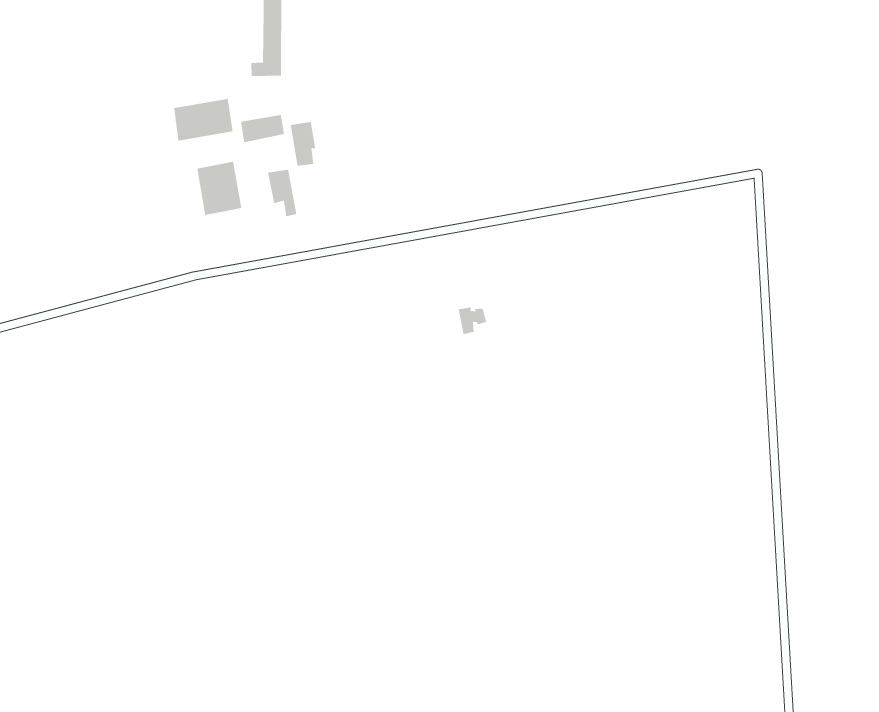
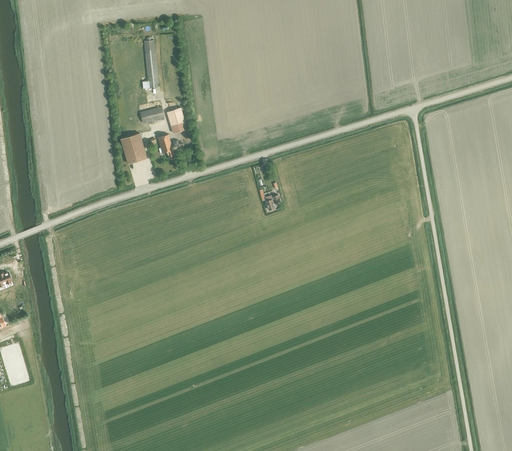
building: [173,98,233,141] -> none

